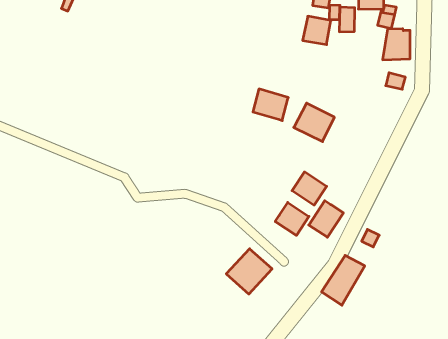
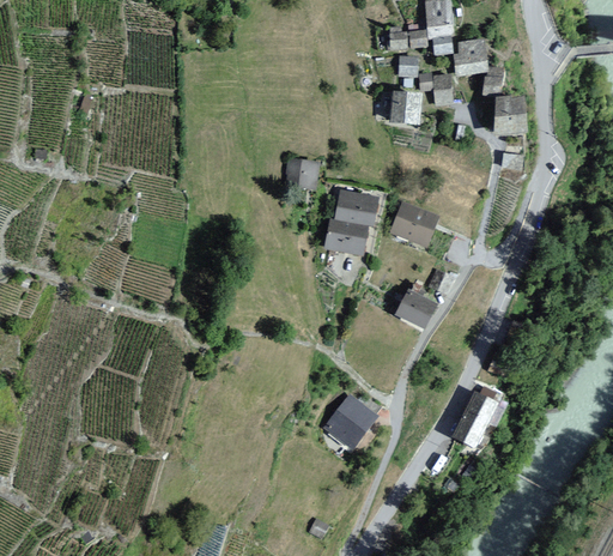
building: none -> [284,157,320,191]
building: none -> [324,217,369,255]
building: [309,201,343,237] -> none
building: [275,202,309,235] -> none

